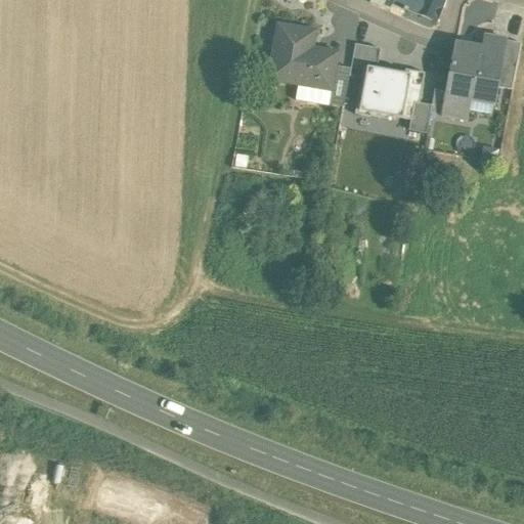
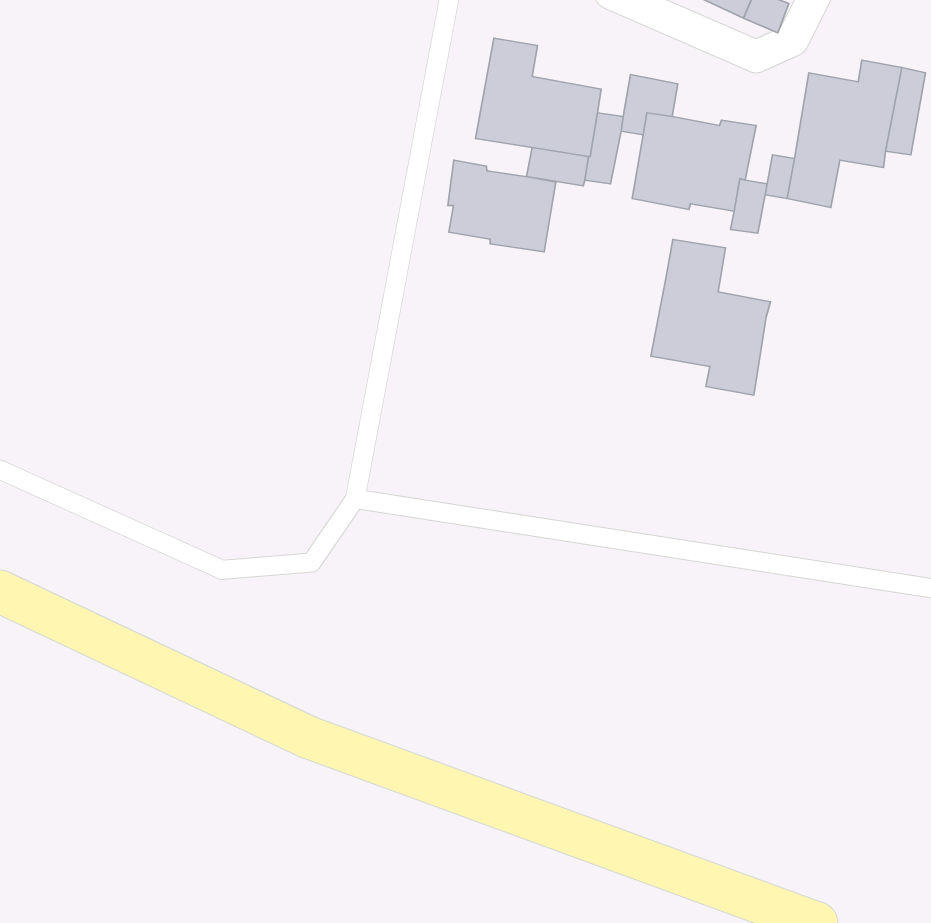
building: none -> [448,160,556,252]
building: none -> [651,239,770,395]

